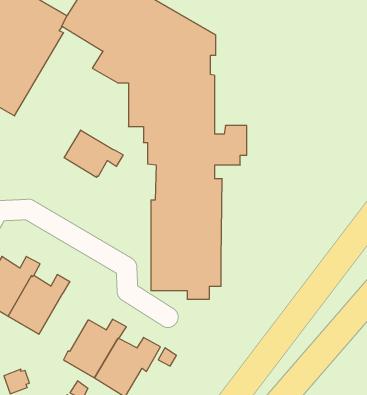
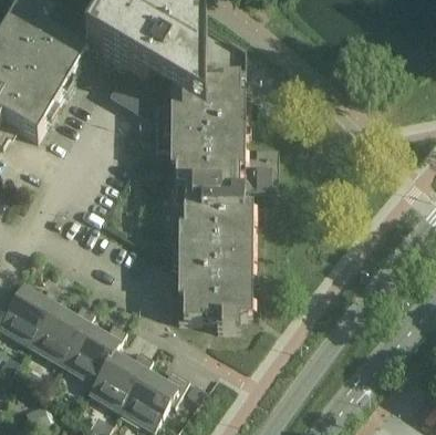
building: [64,130,123,177] -> none
building: none -> [61,322,125,383]

